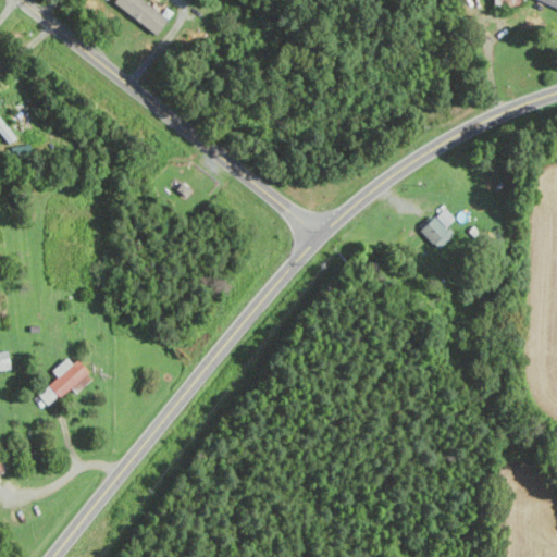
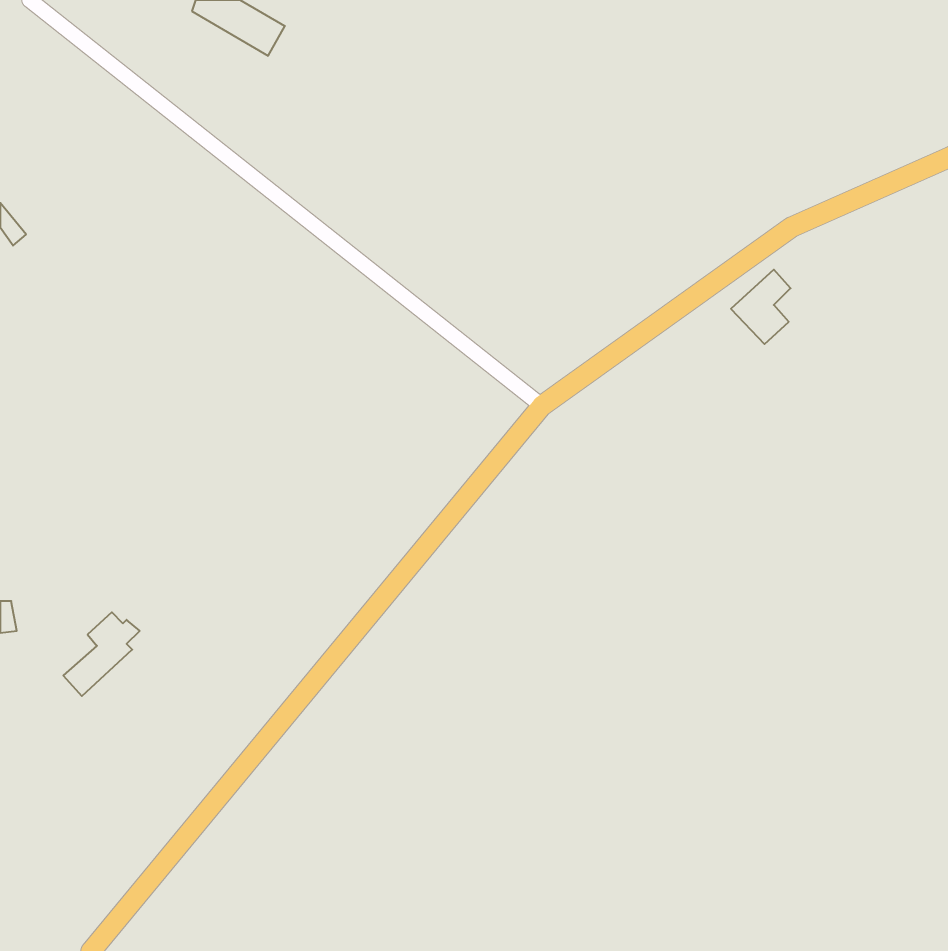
building: [421,208,456,251] -> [731,270,791,344]

